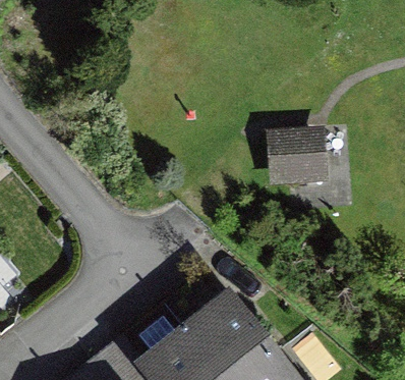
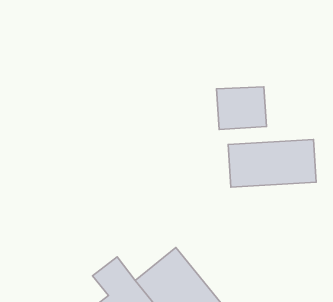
building: none -> [228,139,316,187]

